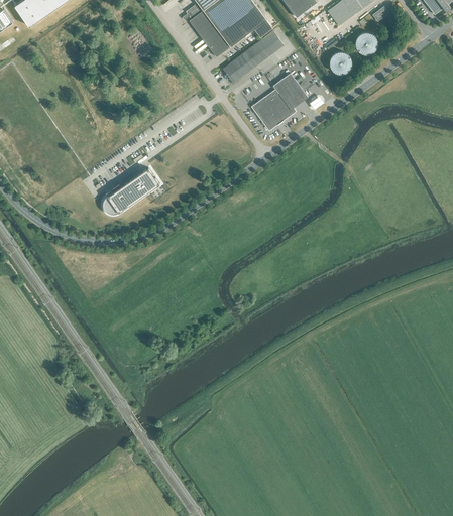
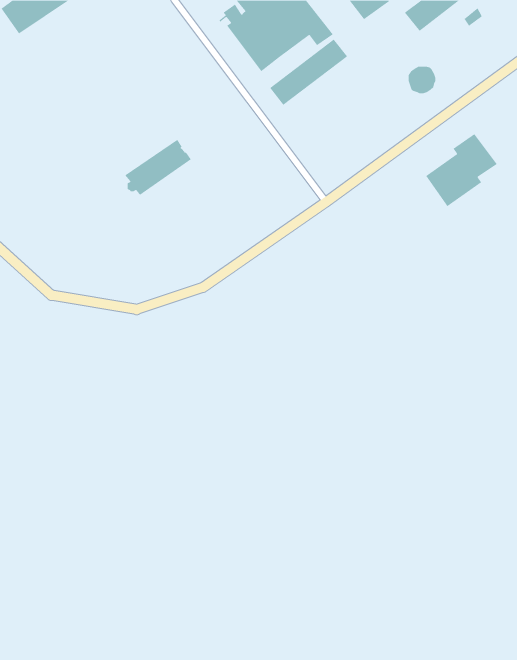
building: [355,32,377,54] -> none
building: [251,73,308,130] -> [425,133,498,207]
building: [107,167,159,212] -> [124,139,192,196]

